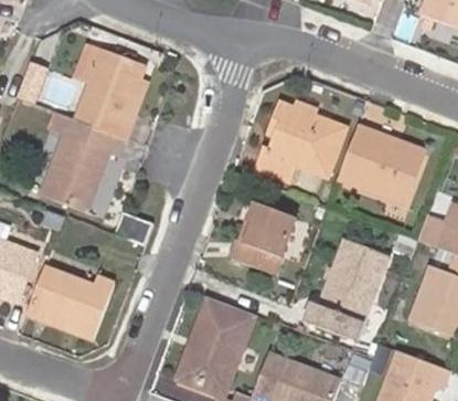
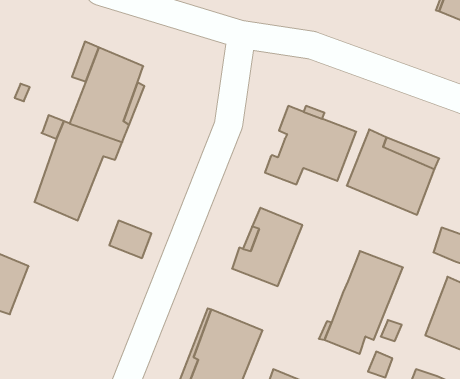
building: [28,276,110,338] -> none

